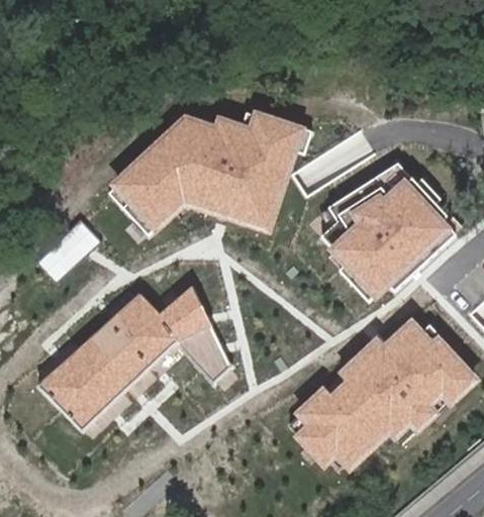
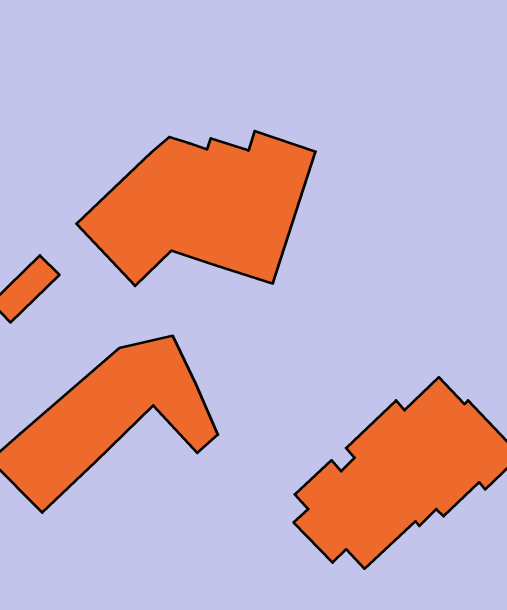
building: [316,162,459,301] -> none

